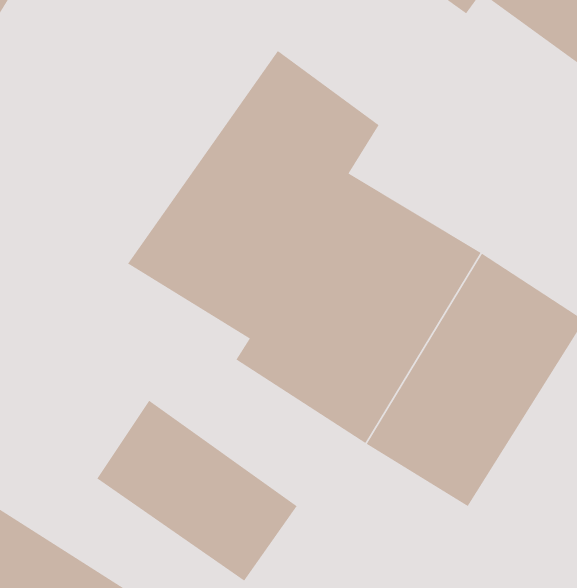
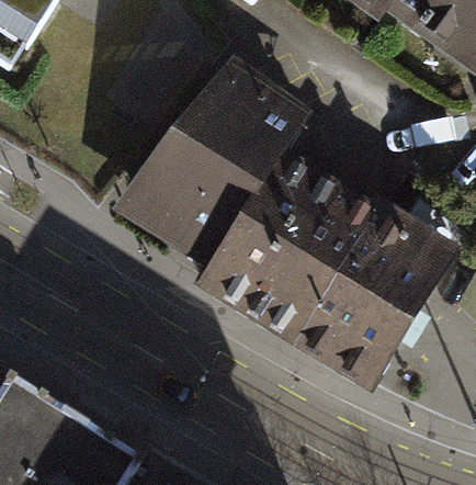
building: [96,400,297,581] -> none

